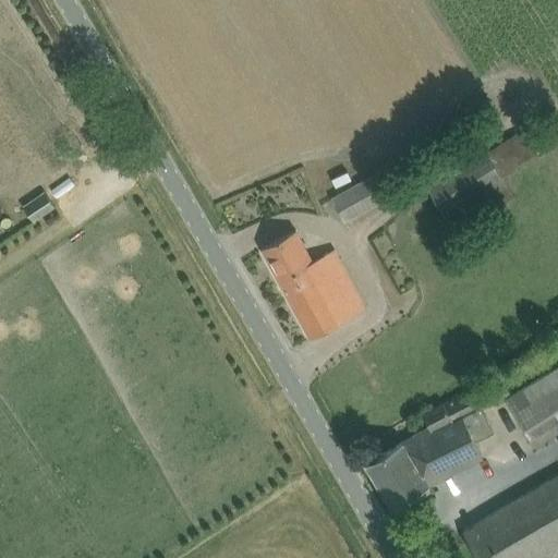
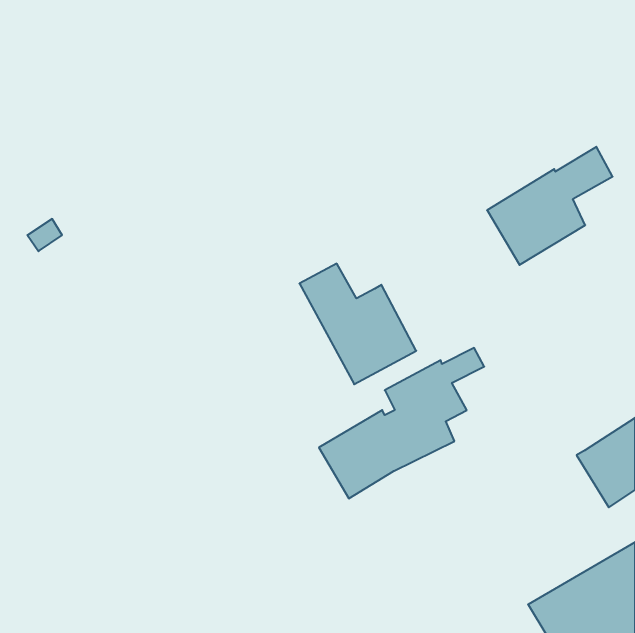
building: [331,179,383,223] -> none
building: [365,378,510,510] -> [319,348,484,498]

